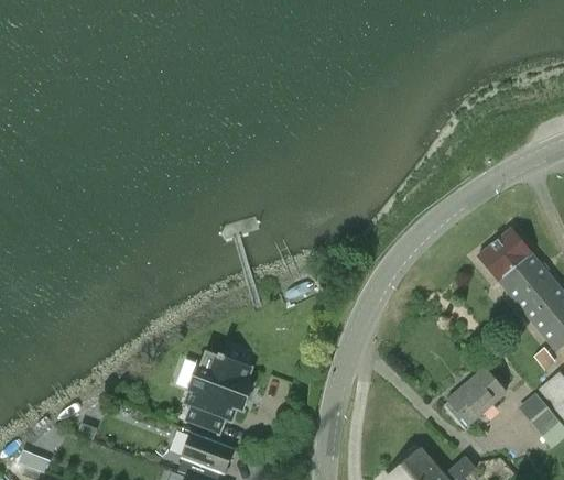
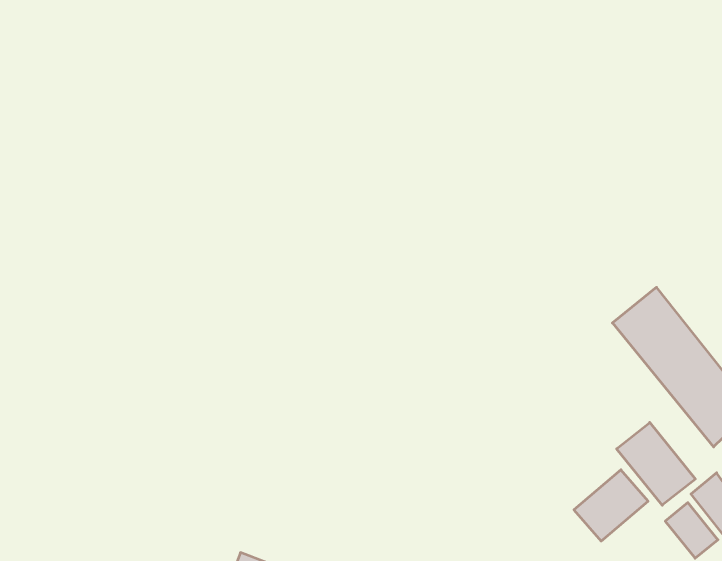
building: none -> [617,422,695,505]
building: [176,351,253,434] -> none

